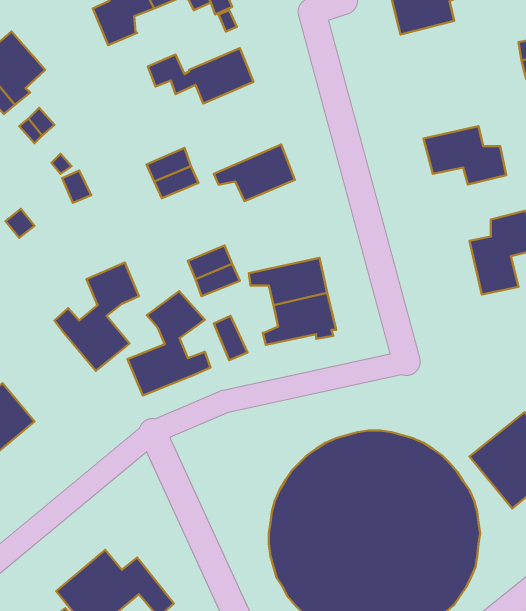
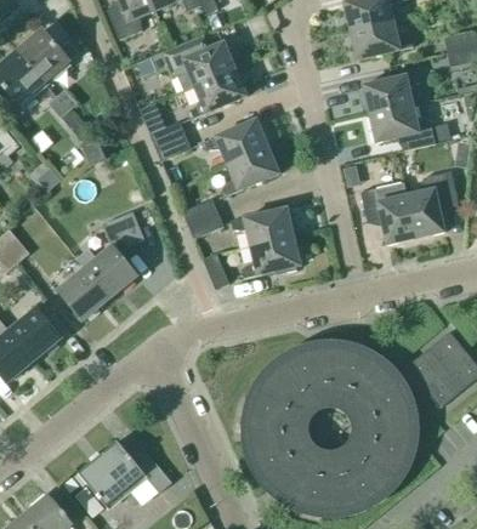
building: none -> [351,19,413,58]
building: none -> [189,68,246,118]
building: none -> [363,72,421,113]
building: none -> [222,146,278,194]
building: none -> [360,186,415,244]
building: [128,291,210,396] -> none
building: none -> [58,267,109,319]

